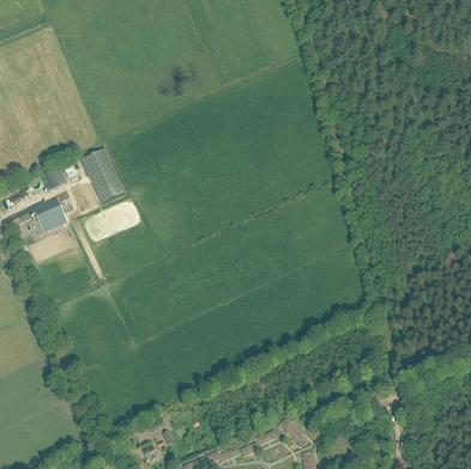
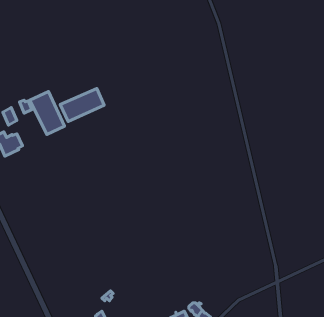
building: none -> [60,88,104,122]

